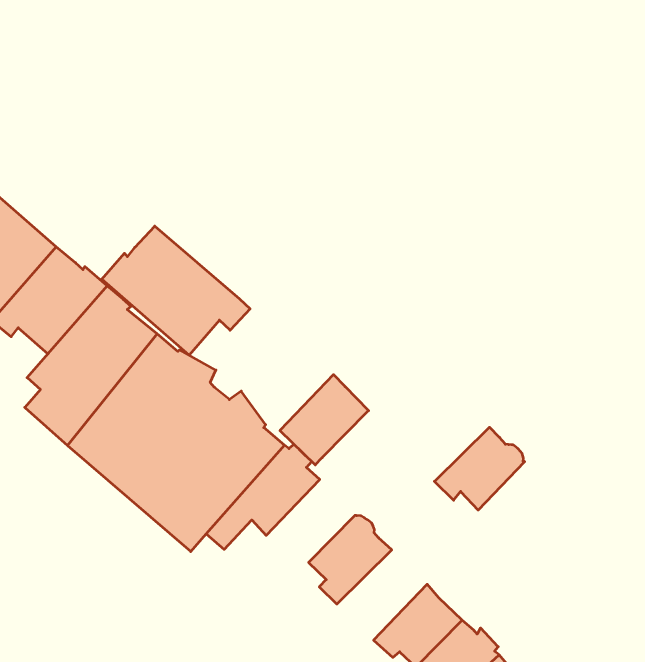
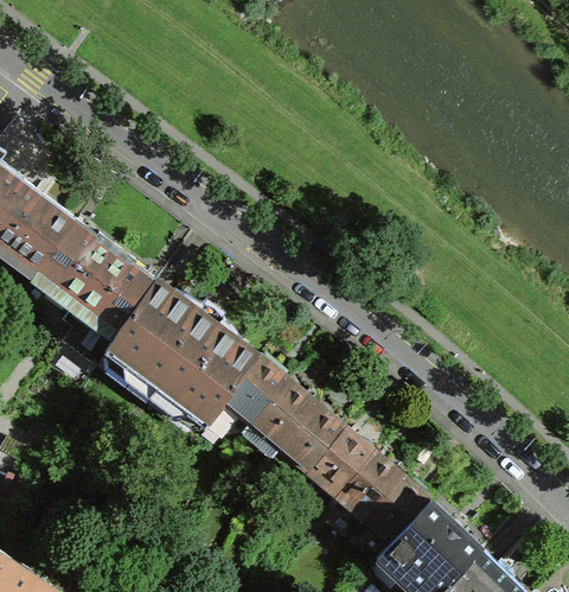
building: [102,226,250,355] -> none
building: [280,375,369,465] -> [251,380,317,448]
building: [434,427,525,510] -> [308,428,375,491]

